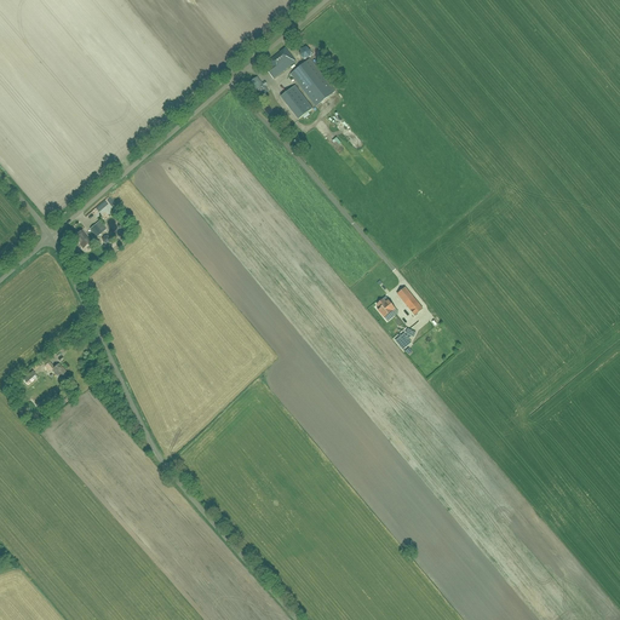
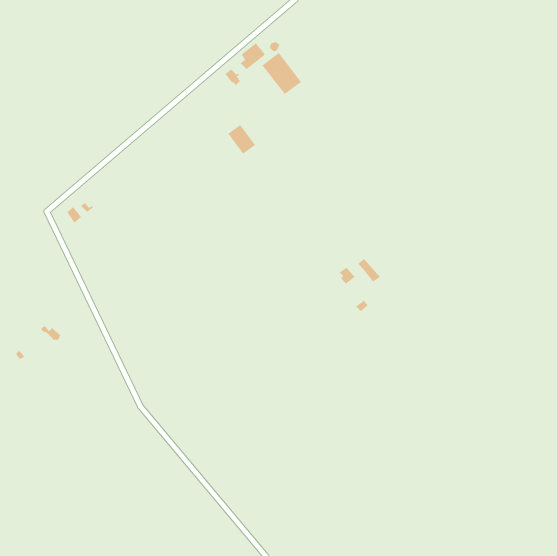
building: [281,85,312,119] -> [227,124,256,155]

